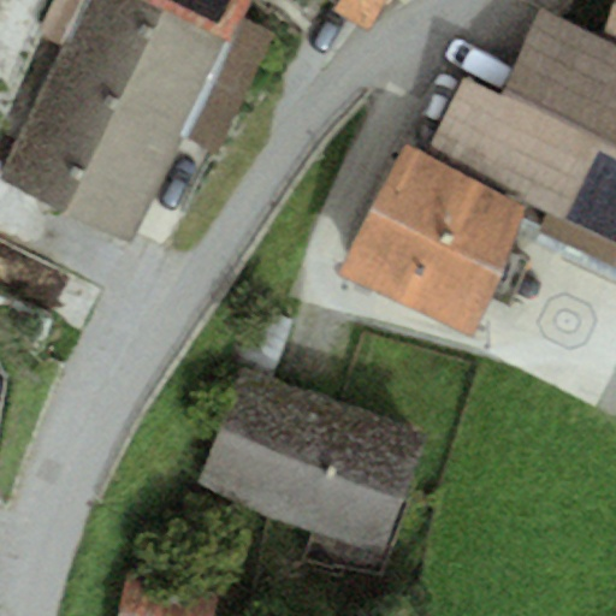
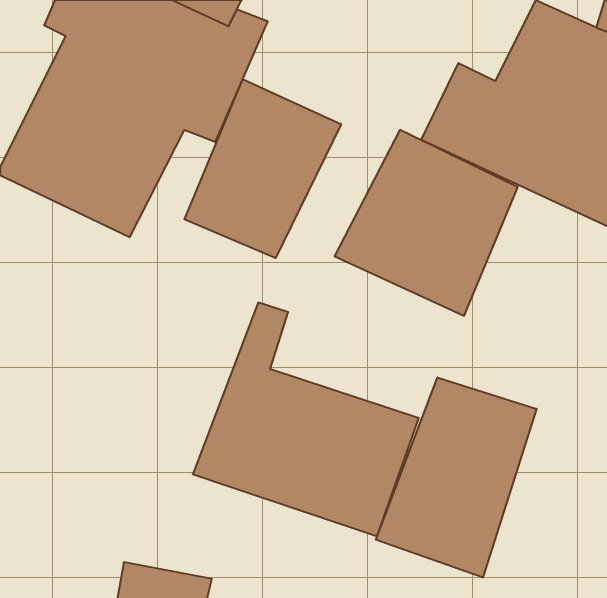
building: none -> [184,79,341,258]
building: none -> [376,377,537,578]

